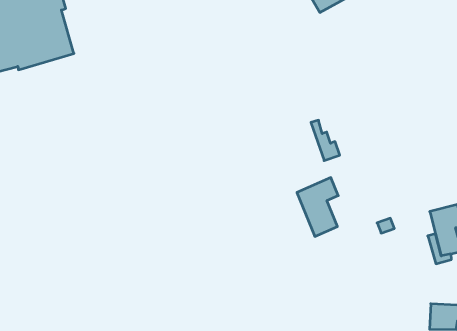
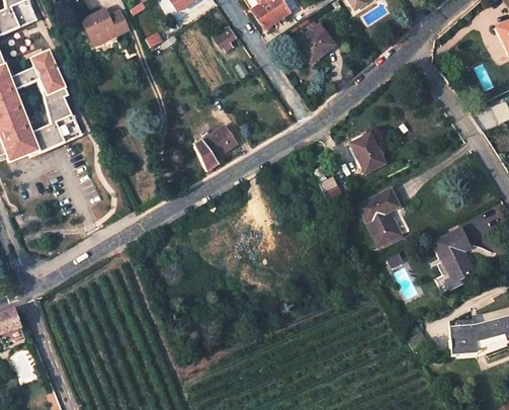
building: none -> [193,127,237,172]
building: none -> [350,134,384,174]
building: [297,178,338,236] -> [359,187,402,245]

